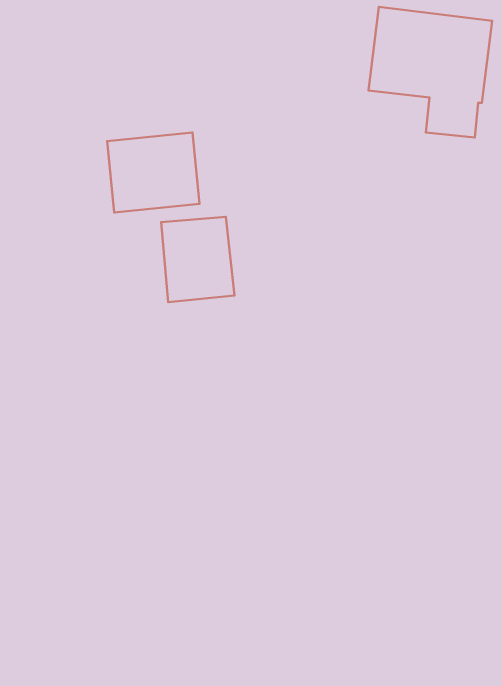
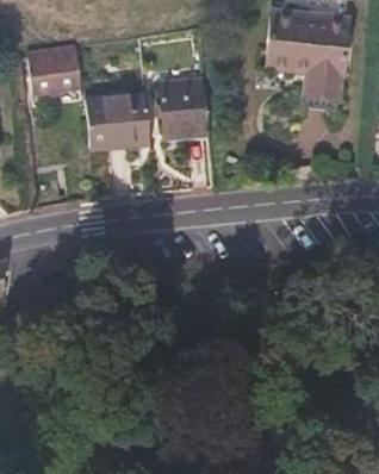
building: none -> [27,46,82,96]
building: [161,217,234,302] -> [160,80,210,138]

